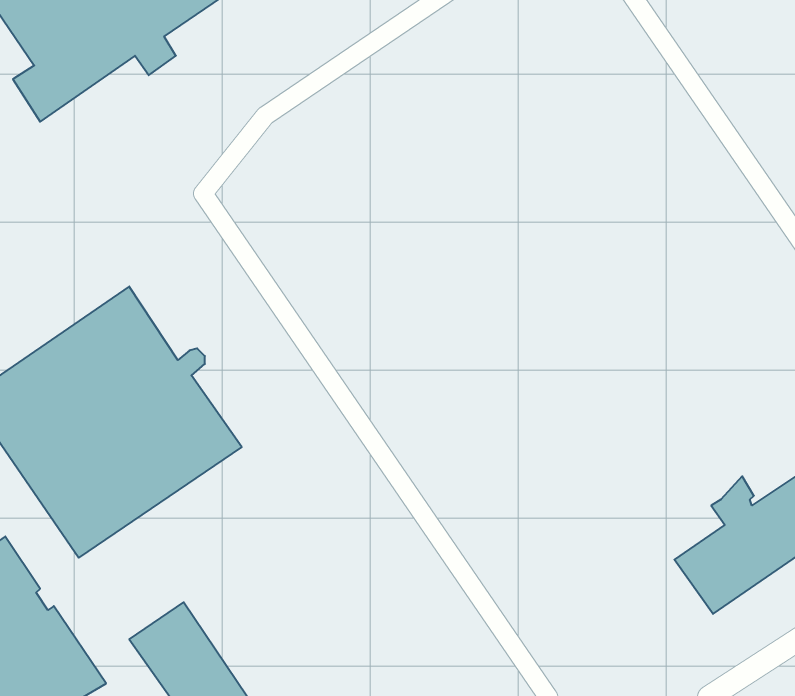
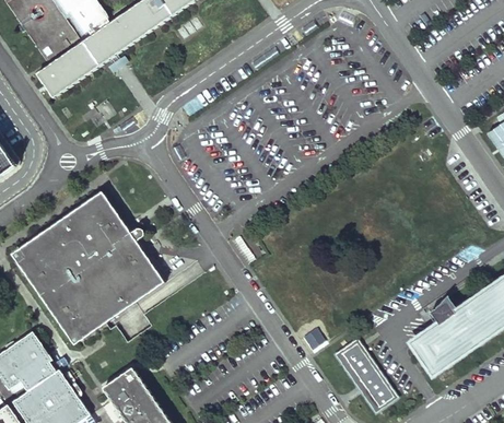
building: none -> [332,339,396,413]

